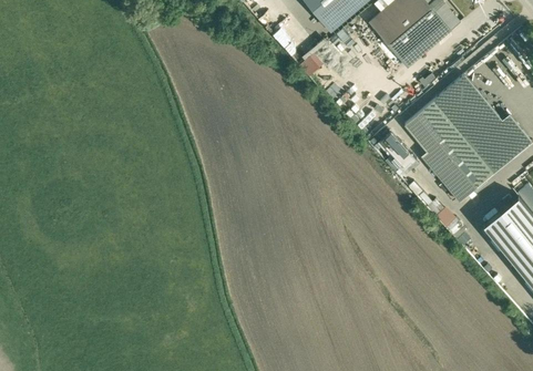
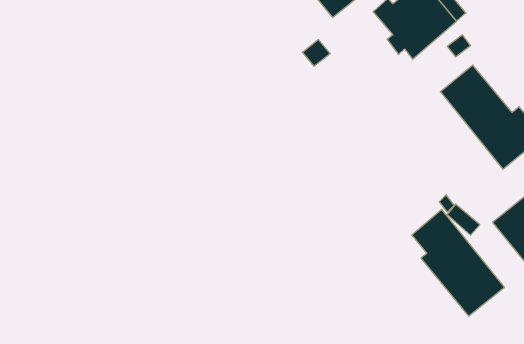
building: [403,100,492,202] -> [412,210,504,316]

